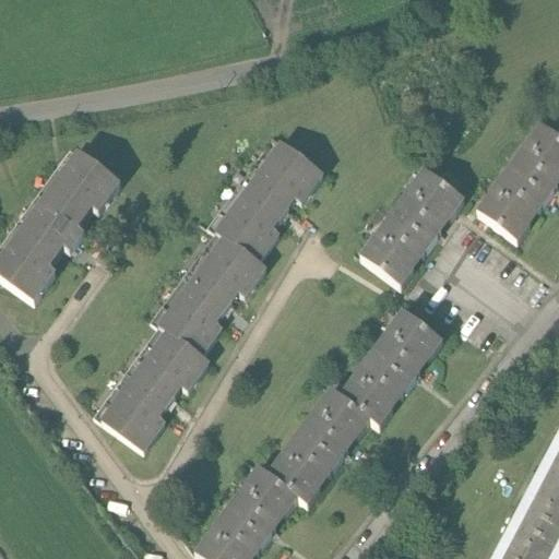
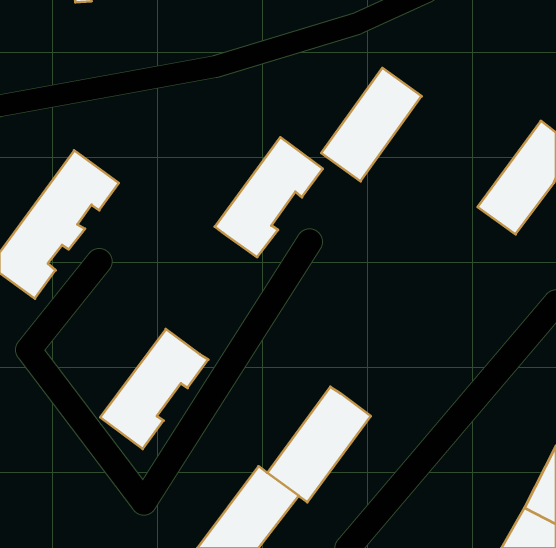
building: [361,167,462,281] -> [321,68,422,181]
building: [157,234,266,355] -> none
building: [341,308,444,424] -> none

